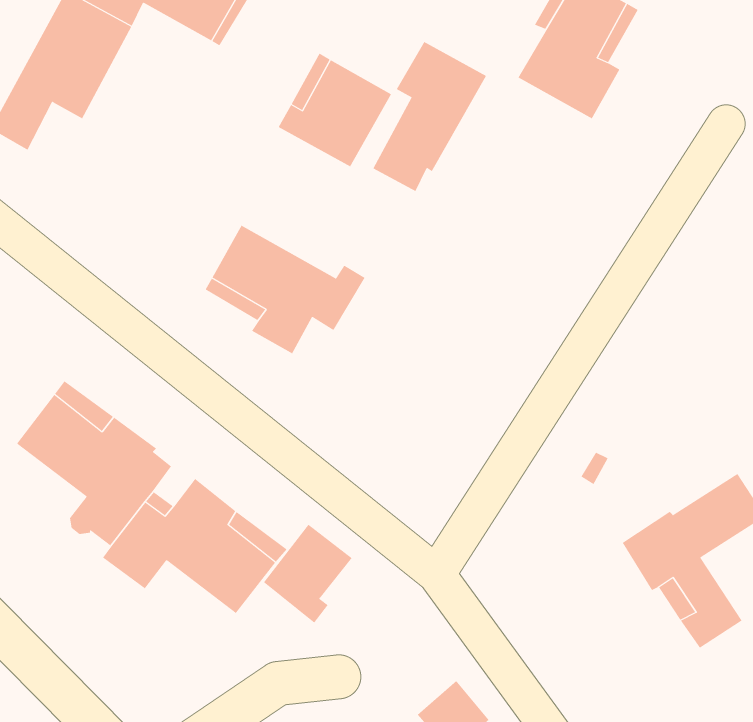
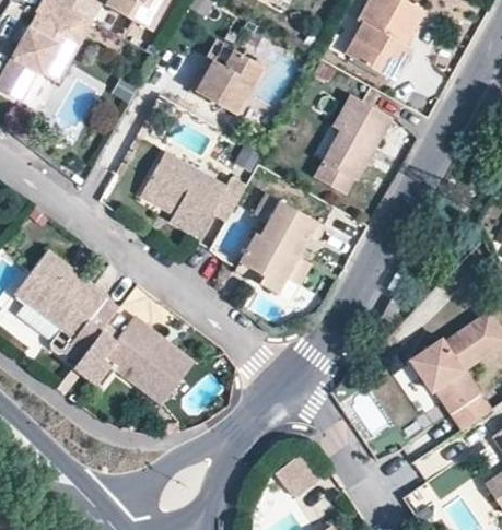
building: [373,41,487,192] -> [316,93,392,192]
building: none -> [234,193,324,294]
building: [263,524,352,624] -> none

